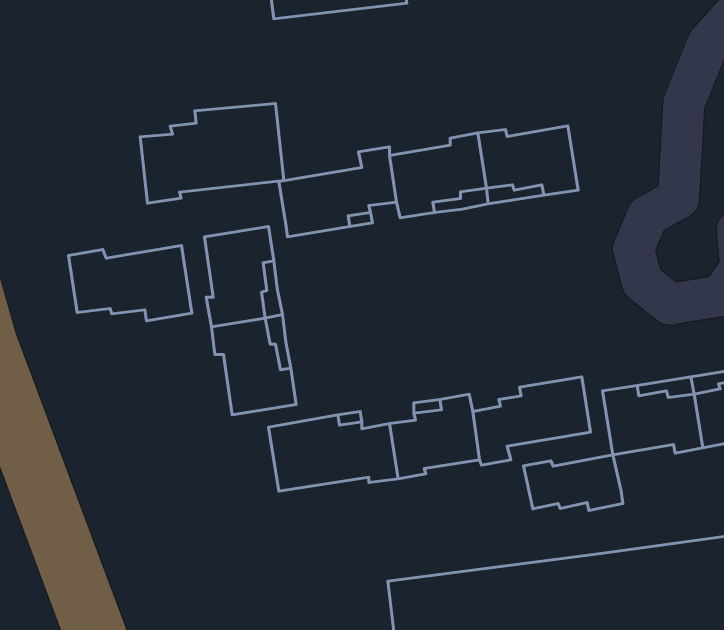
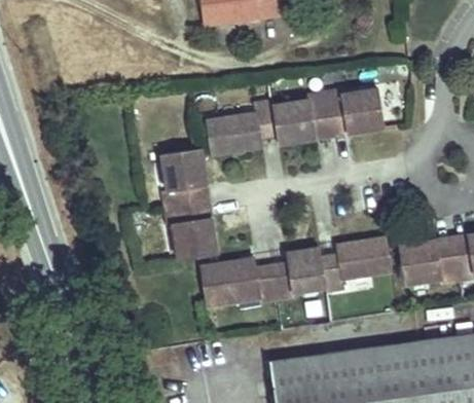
building: [140,103,284,203] -> none
building: [69,245,192,321] -> none
building: [524,455,623,510] -> none

